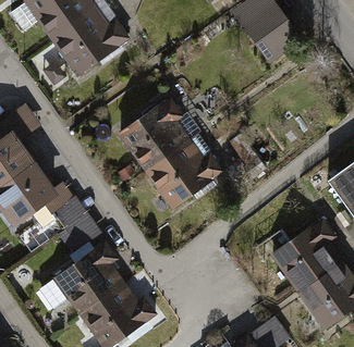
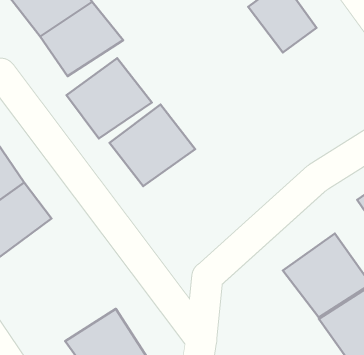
building: [144,137,219,208] -> [67,58,152,139]
building: [53,190,101,238] -> none
building: [47,236,118,306] -> none

